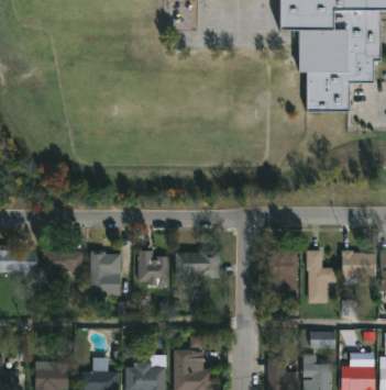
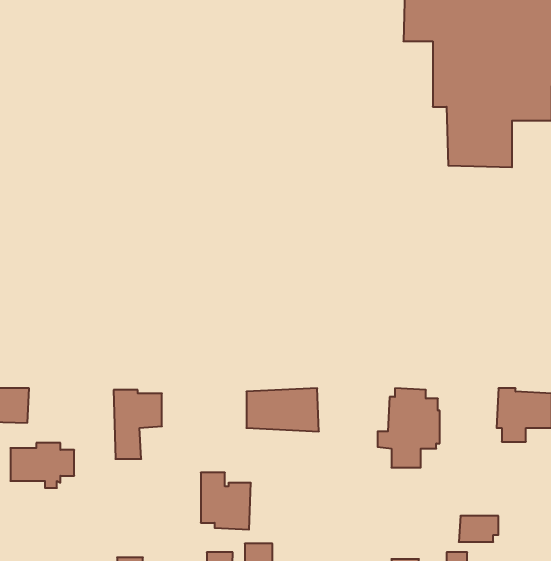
building: [45,247,86,276] -> [10,443,74,488]
building: [140,250,172,287] -> [201,473,251,530]
building: [302,250,335,303] -> none

